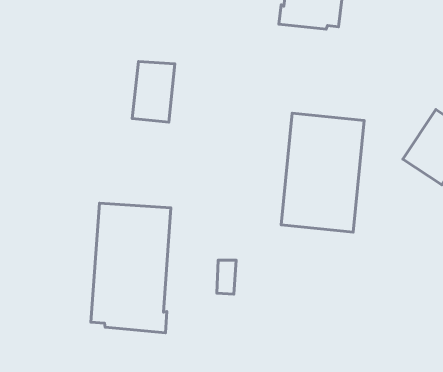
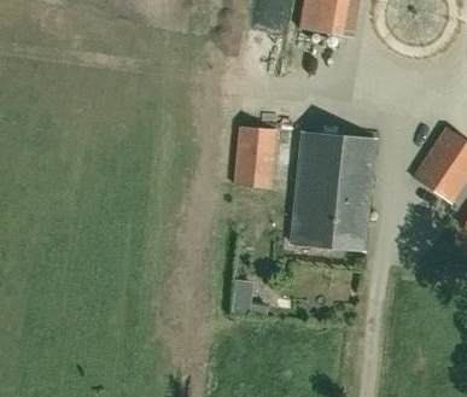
building: [132,61,175,122] -> [235,127,278,187]
building: [91,203,171,333] -> none

